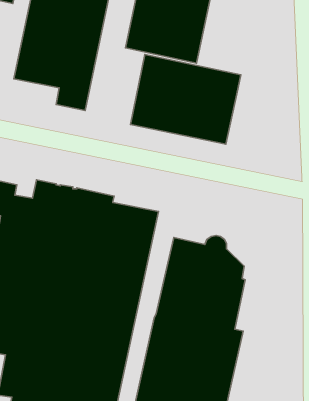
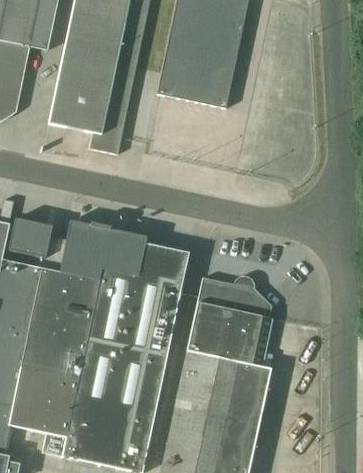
building: [131,54,241,144] -> none

